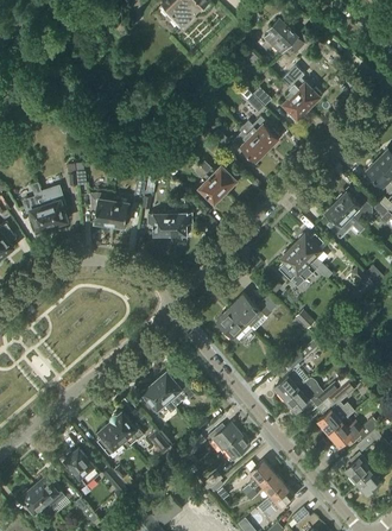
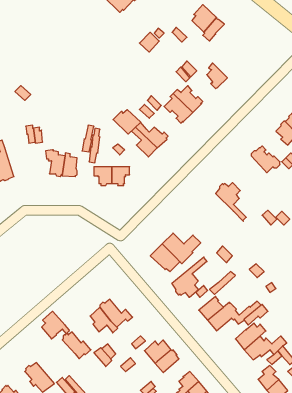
building: [284,63,322,107] -> none
building: none -> [113,110,141,134]
building: [42,187,68,226] -> none
building: [325,201,365,238] -> none
building: [279,246,316,286] -> none
building: none -> [172,257,207,297]
building: [97,422,131,455] -> [42,311,69,339]

